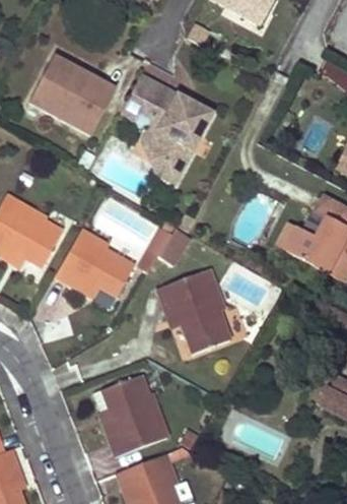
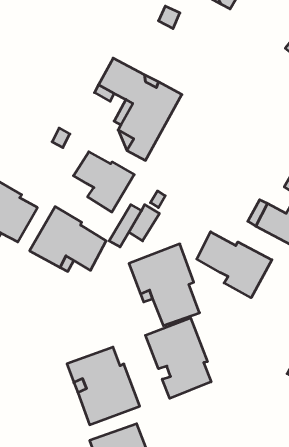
building: [28,56,115,134] -> none
building: none -> [73,152,134,212]
building: none -> [197,232,272,298]
building: none -> [145,318,211,398]

